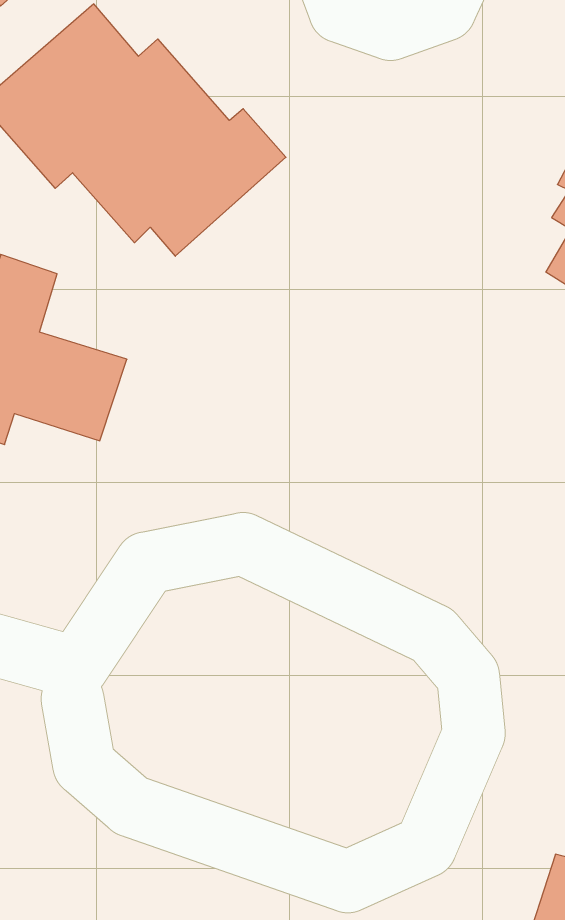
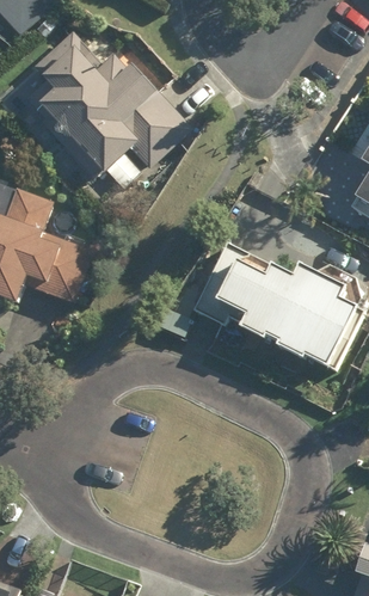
building: none -> [191,238,352,370]

